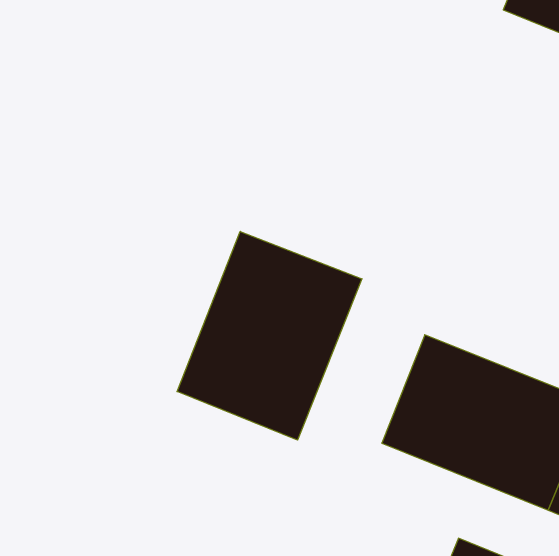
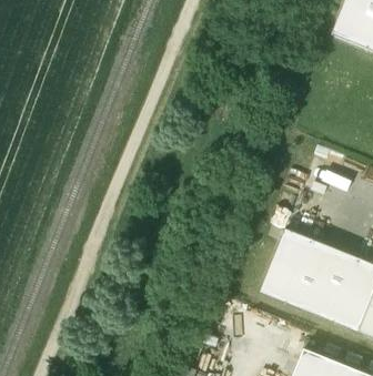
building: [177,231,362,440] -> none

